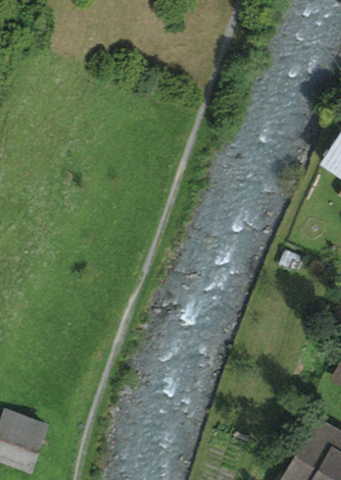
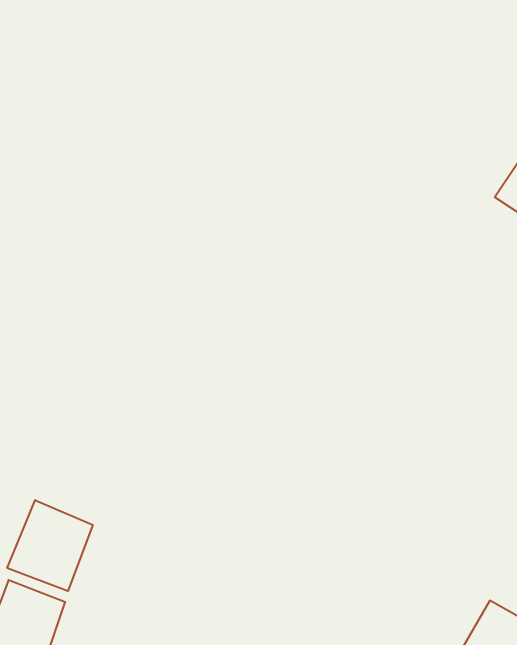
building: none -> [7,500,93,591]

